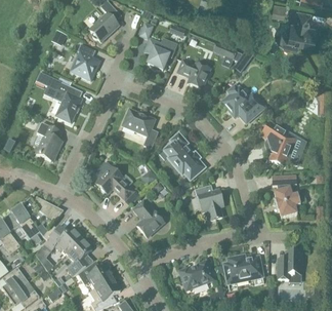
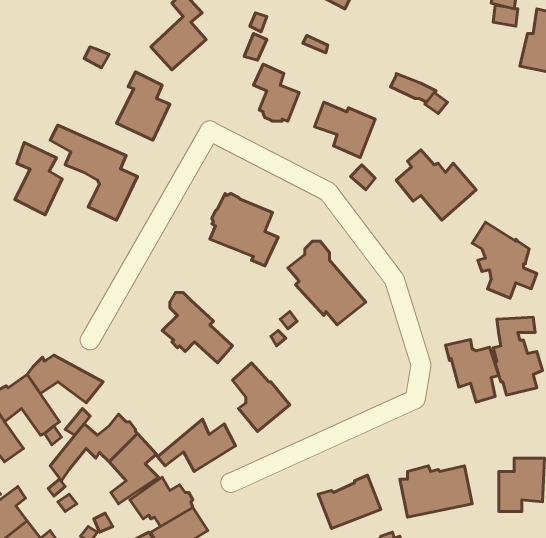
building: [37,122,63,161] -> [15,143,62,215]
building: [196,186,224,220] -> [446,339,499,402]
building: none -> [157,419,236,472]

